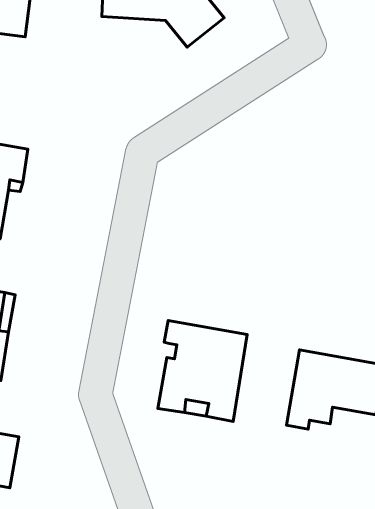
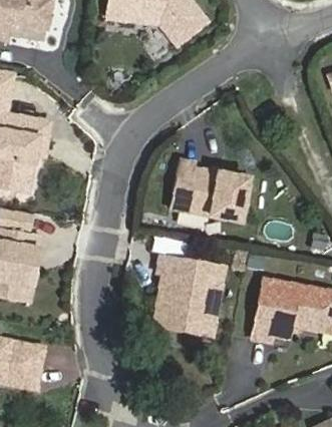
building: none -> [168,159,251,223]

